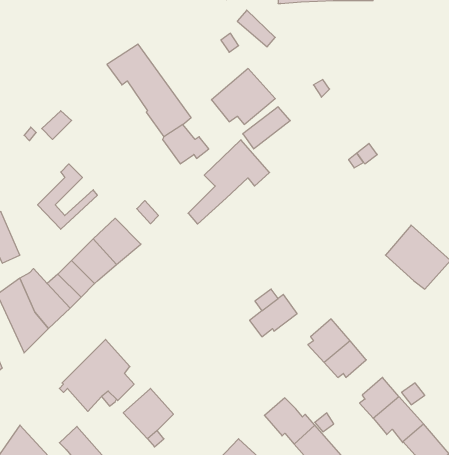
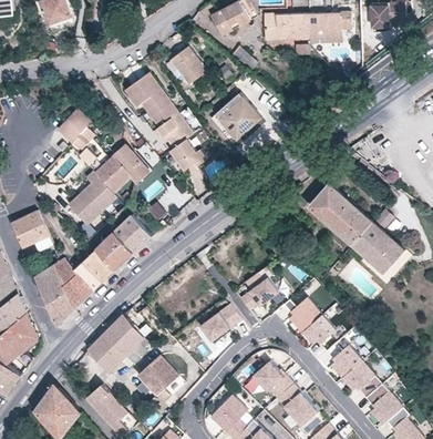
building: none -> [171,47,206,84]
building: none -> [58,108,91,142]
building: [188,140,270,224] -> [82,144,148,213]
building: none -> [308,182,372,245]
building: none -> [200,304,241,344]

